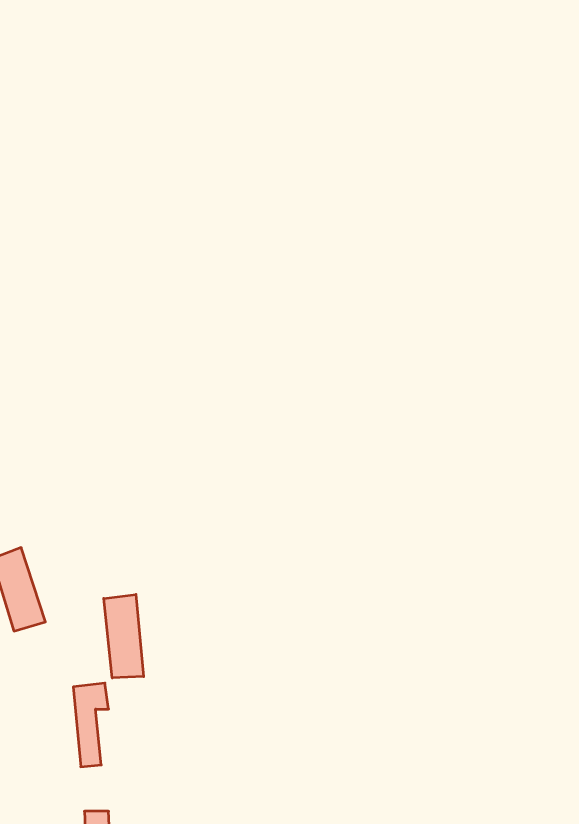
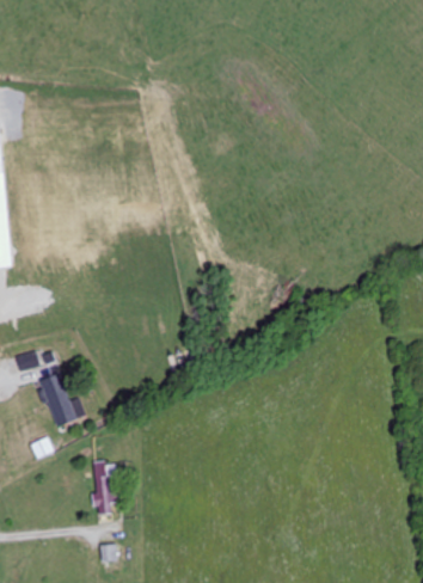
building: [104,594,144,678] -> none

